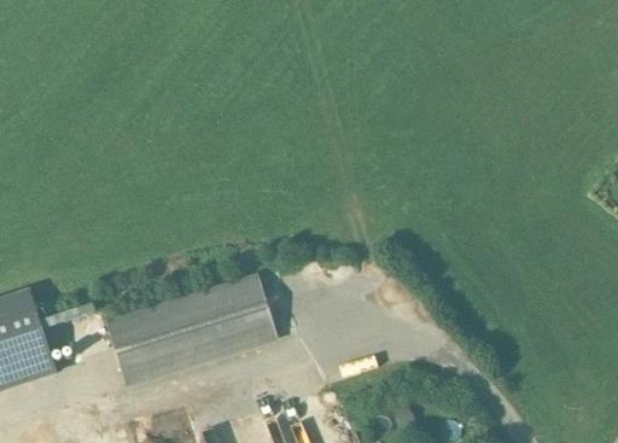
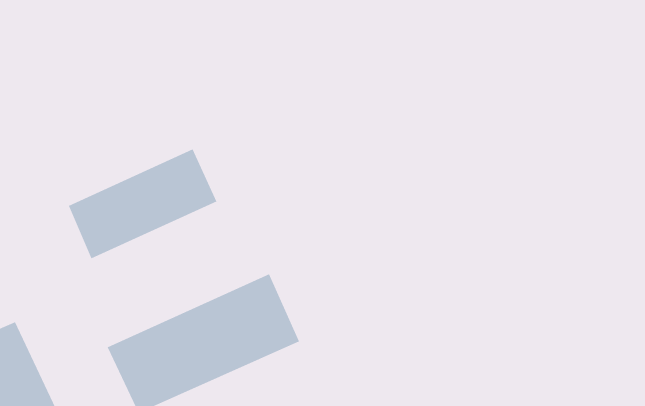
building: none -> [68,148,217,259]

